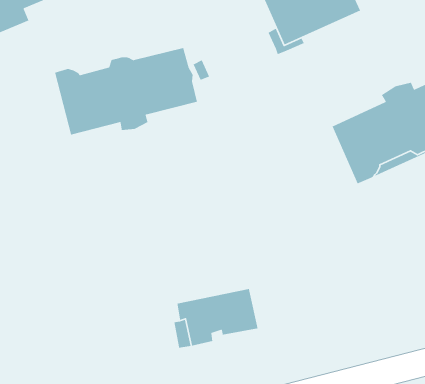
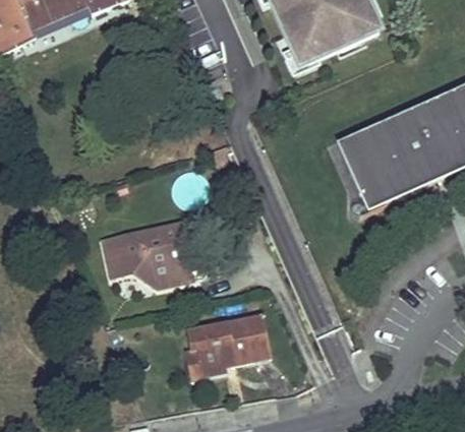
building: [54,47,198,135] -> none
building: none -> [104,222,206,286]

